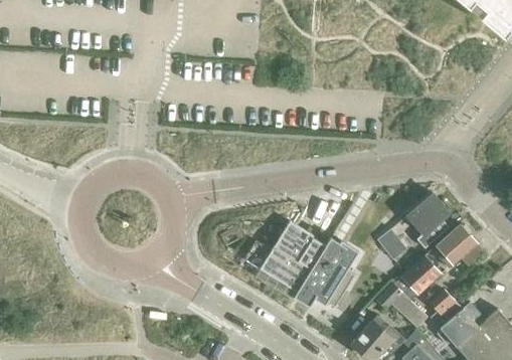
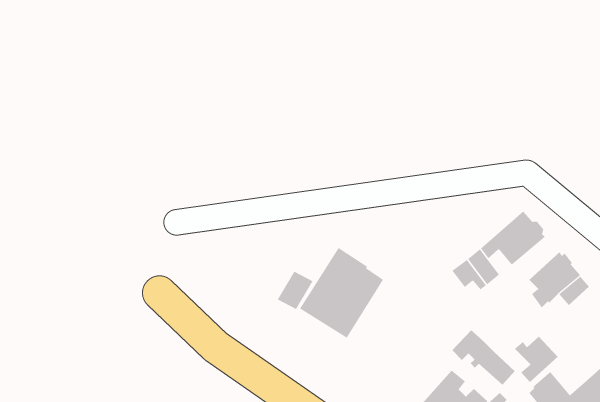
building: [294,236,359,307] -> none
building: [392,255,441,301] -> none
building: [454,302,486,334] -> none

